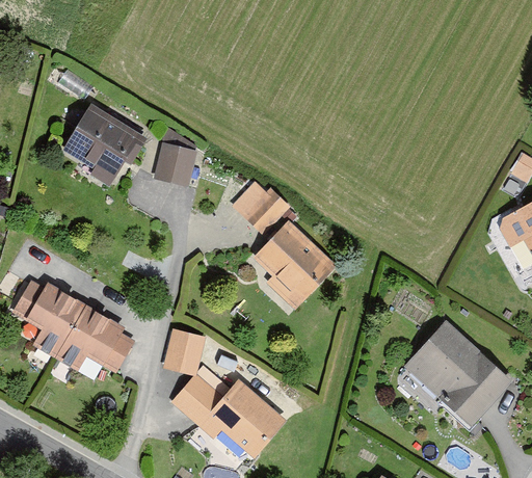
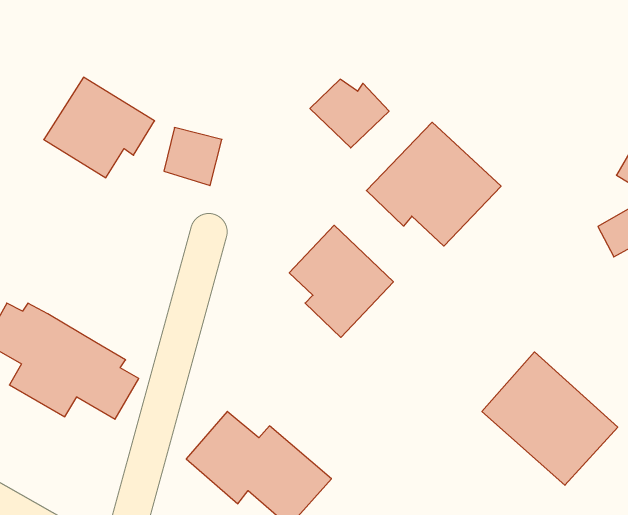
building: none -> [366,122,501,246]
building: [232,185,294,239] -> [310,79,389,148]
building: [163,330,207,375] -> none

